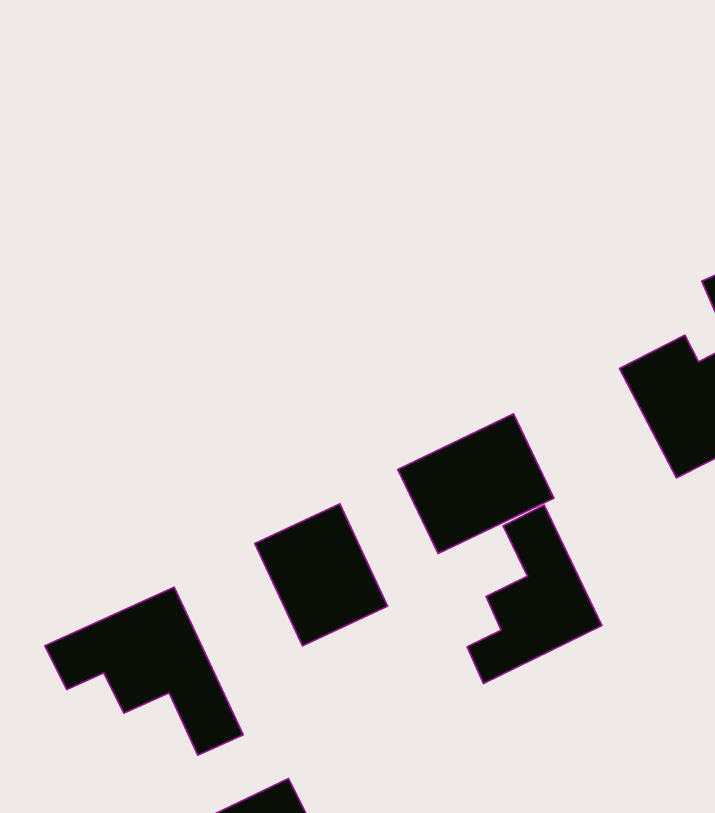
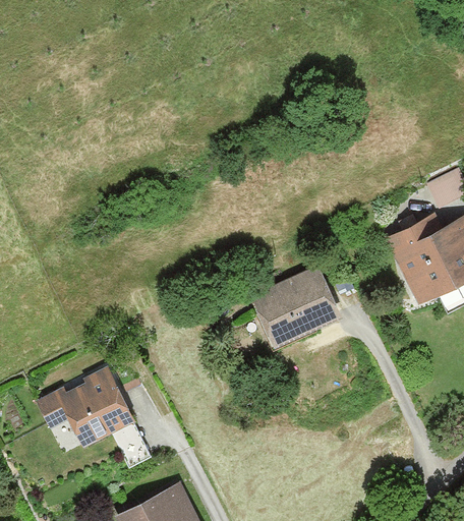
building: [255,504,388,646] -> none
building: [467,505,602,683] -> none

